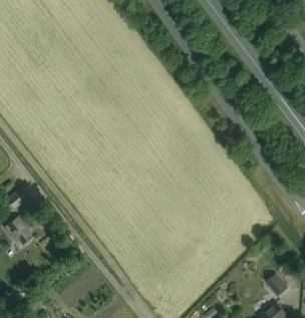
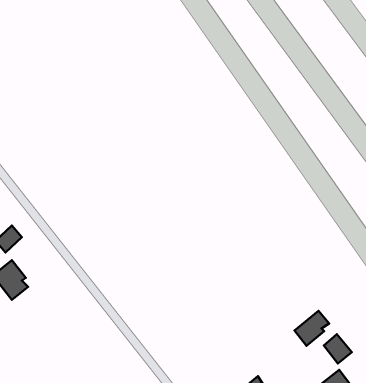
building: none -> [294,311,329,346]

